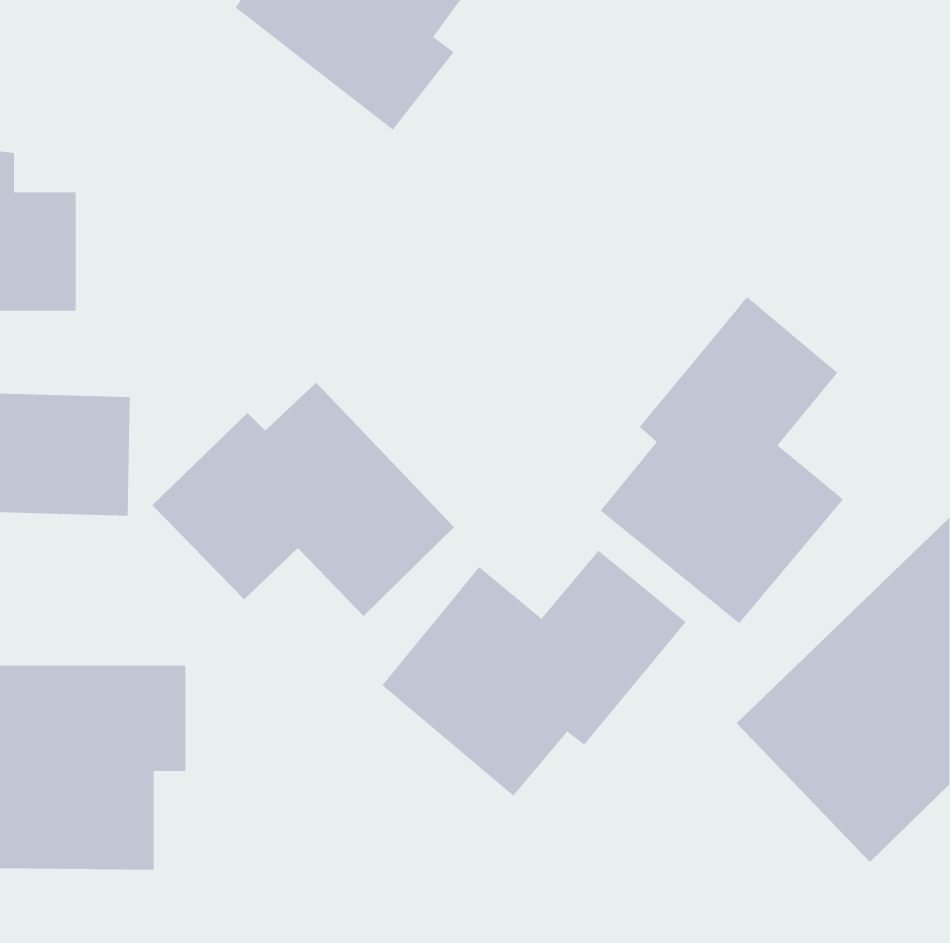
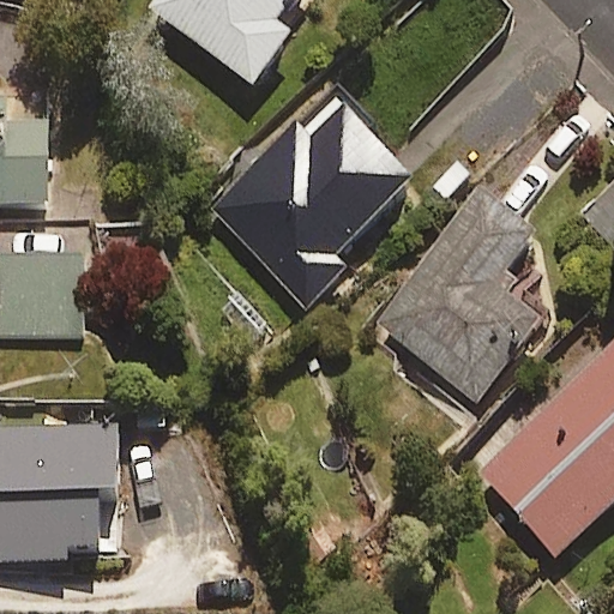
building: none -> [205,106,407,302]
building: [151,382,455,617] -> none
building: [381,550,687,796] -> none

